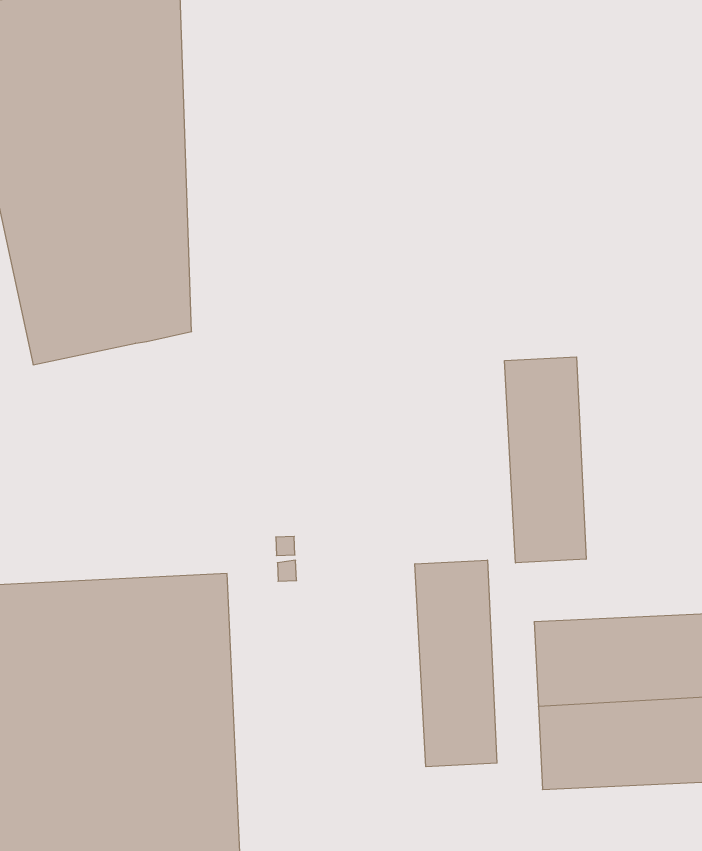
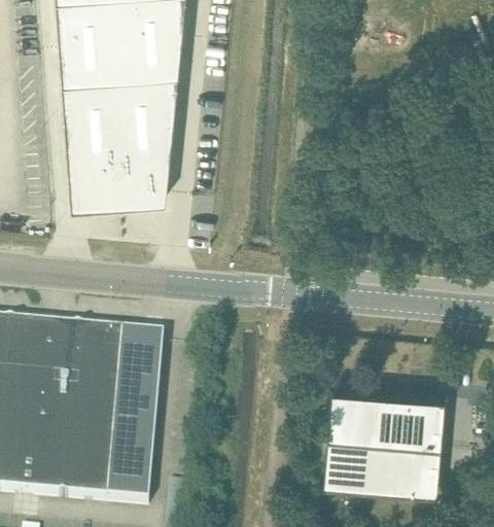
building: [505,357,586,563] -> none
building: [415,560,497,767] -> none

